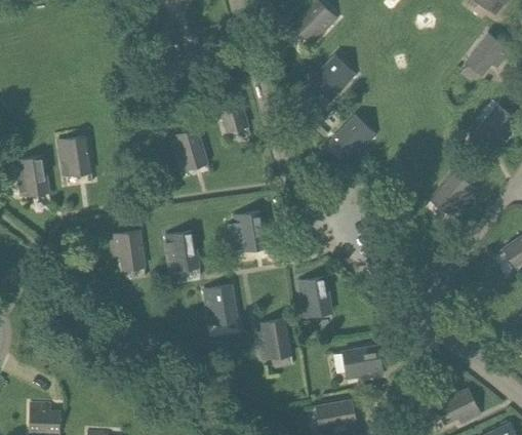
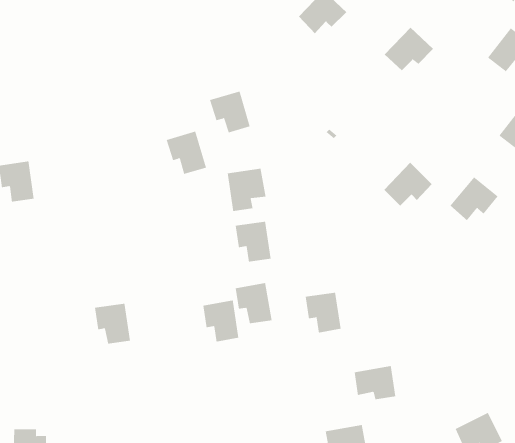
building: [310,55,356,96] -> [384,27,434,71]
building: [330,116,375,157] -> [384,162,433,206]
building: [57,136,91,174] -> none
building: none -> [227,168,266,212]
building: [111,232,145,270] -> [94,303,131,344]
building: [164,232,199,270] -> none
building: [256,320,291,358] -> [235,283,273,324]

